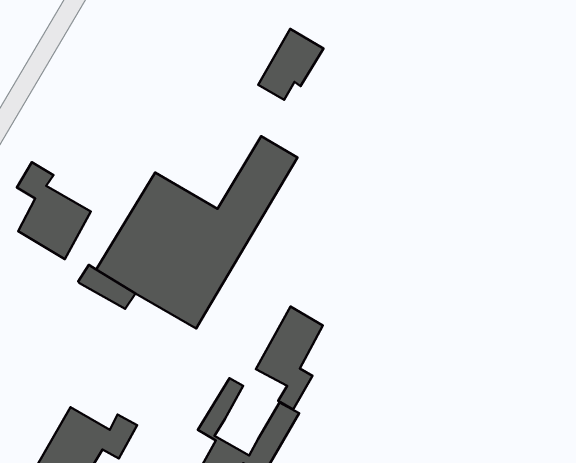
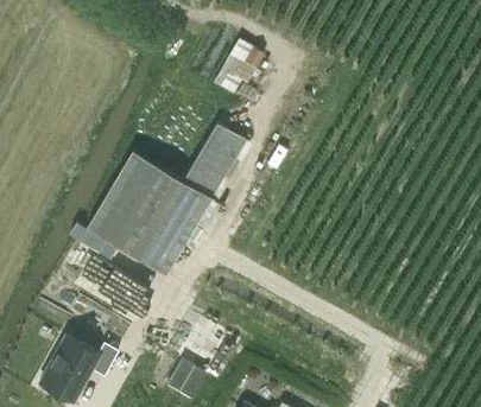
building: [17,162,91,259] -> none
building: [256,306,323,410] -> none

